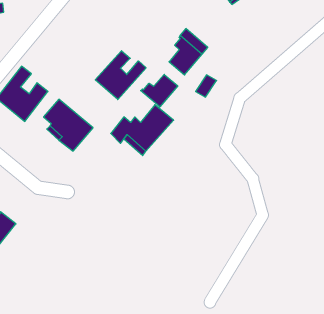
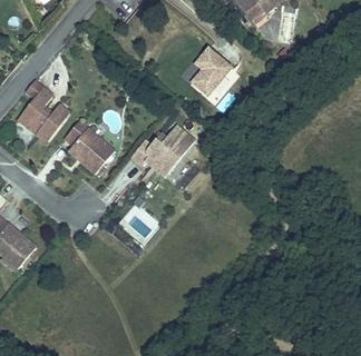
building: [95,51,146,100] -> none
building: [141,74,178,107] -> none

